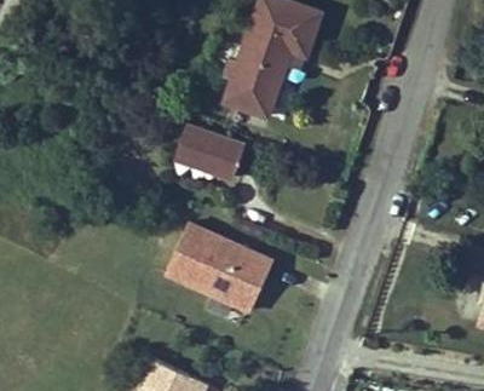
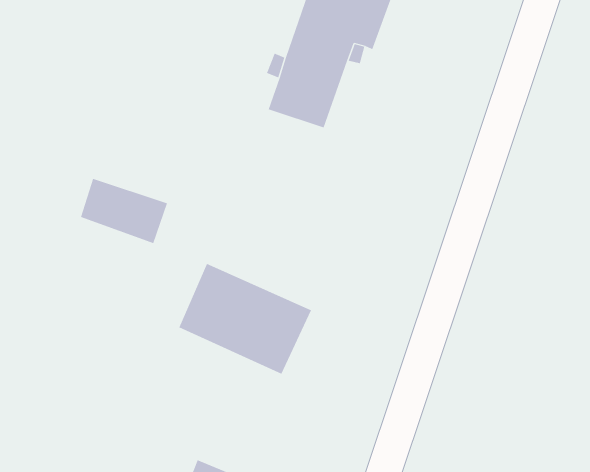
building: [173,128,241,179] -> [80,178,168,244]

